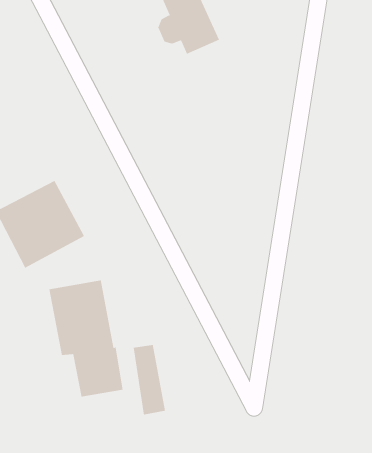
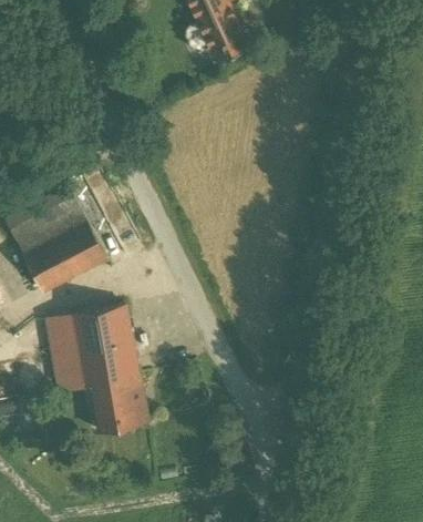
building: [133,344,166,415] -> [47,315,82,390]

